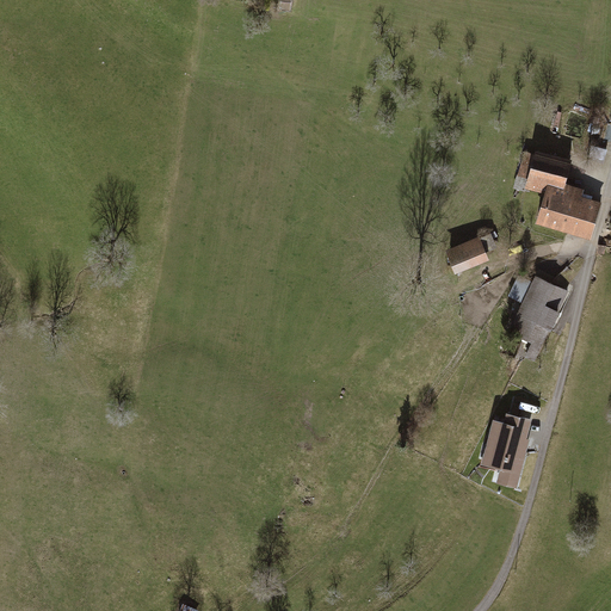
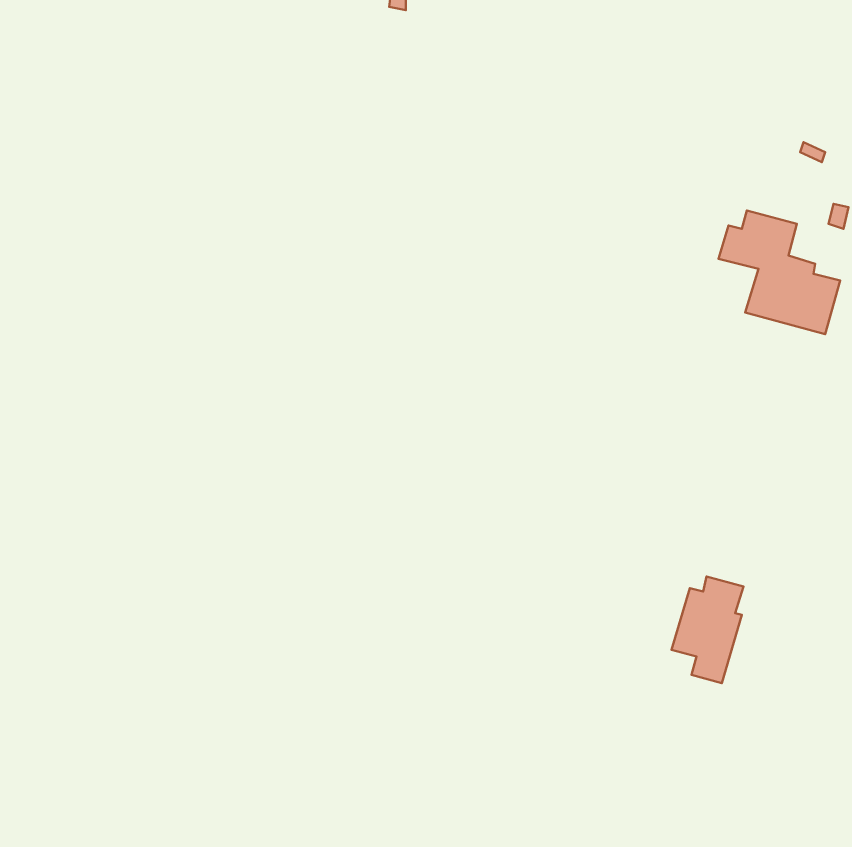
building: [443,234,495,274] -> none
building: [508,274,566,362] -> none

